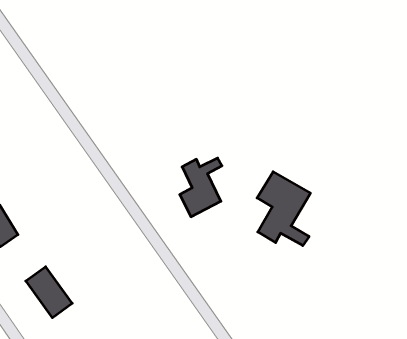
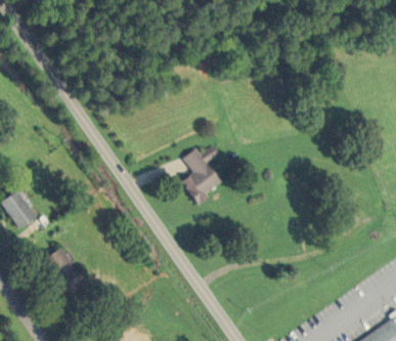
building: [257,172,310,246] -> none

